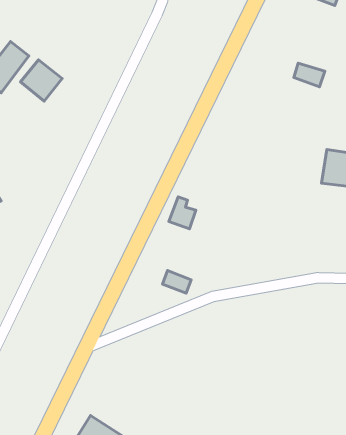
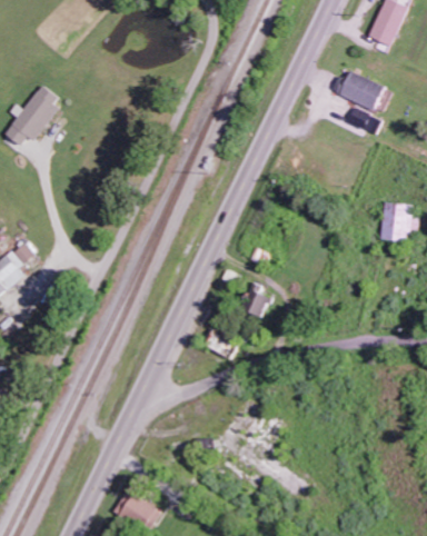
building: none -> [337,70,386,110]
building: [21,60,62,101] -> none
building: [169,197,196,229] -> [241,281,270,316]

